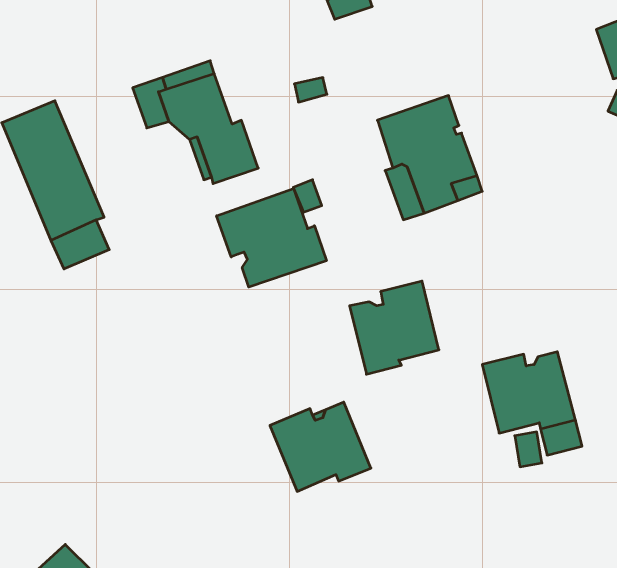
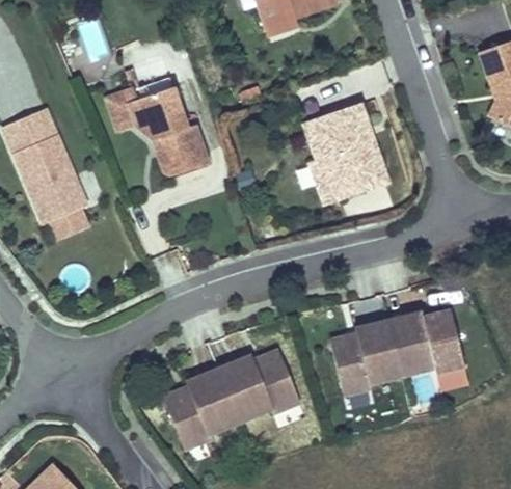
building: [217,188,326,287] -> none
building: [350,281,439,374] -> [330,320,402,395]
building: none -> [164,369,240,450]

